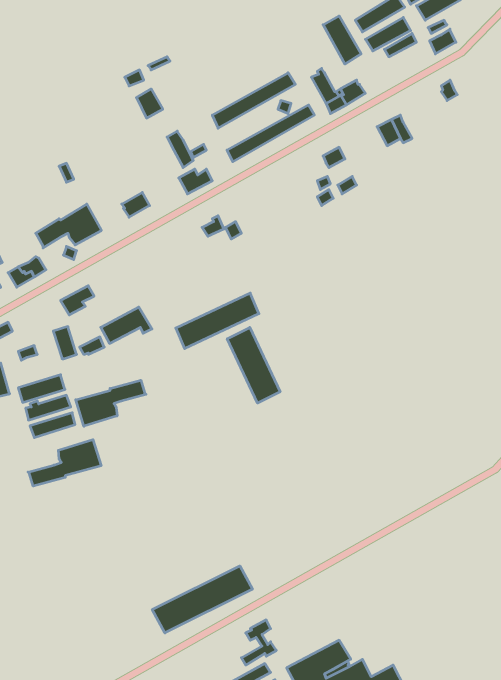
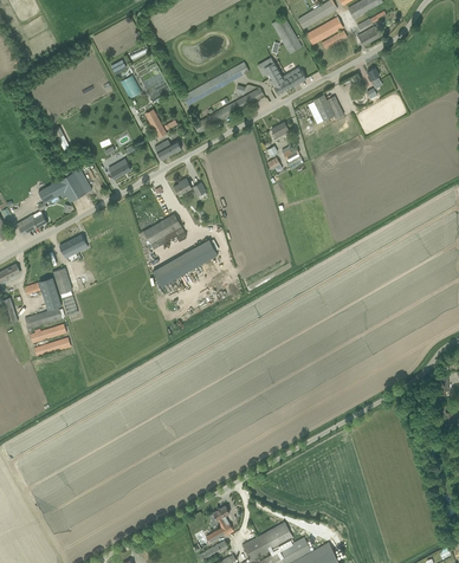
building: [101,307,152,343] -> [142,214,183,244]
building: [227,327,280,403] -> none
building: [76,380,146,426] -> none
building: [28,440,101,486] -> none
building: [152,566,252,633] -> none

